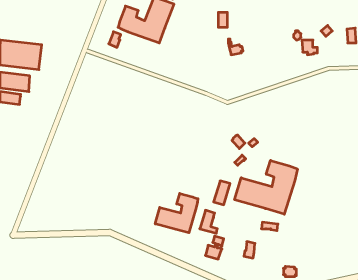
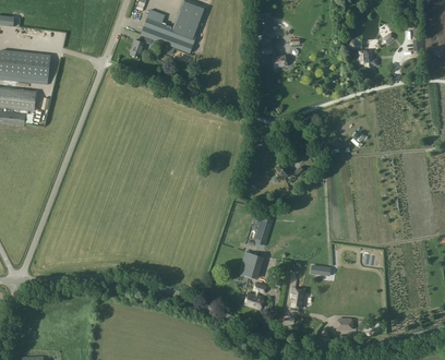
building: [235,160,297,214] -> none
building: [155,193,198,233] -> none

